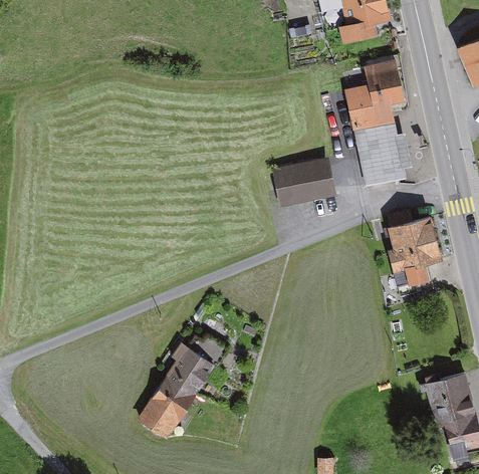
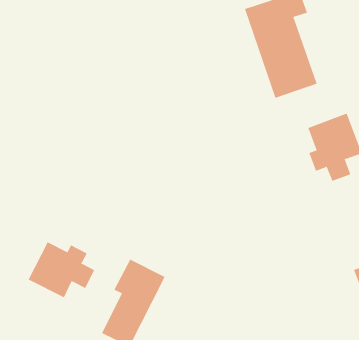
building: [266,156,333,206] -> none
building: none -> [28,241,95,298]

